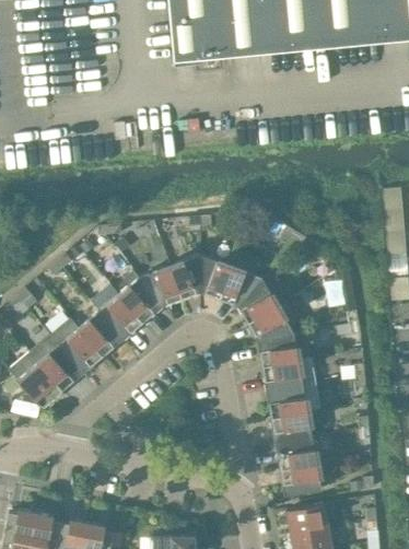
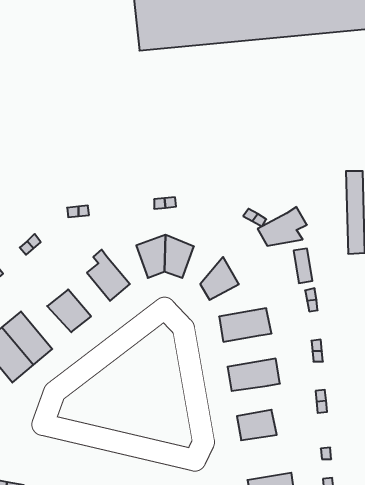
building: [139,265,182,305] -> none
building: [218,266,260,305] -> none
building: [98,293,142,339] -> none
building: [246,299,297,339] -> [258,207,307,246]
building: [49,318,102,373] -> none
building: [260,357,315,392] -> none
building: [269,411,311,443] -> none
building: [279,463,320,495] -> none

